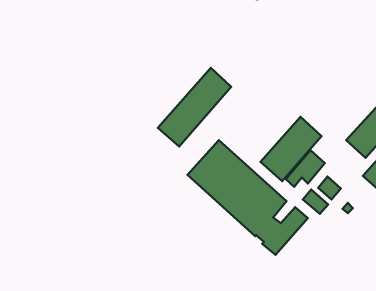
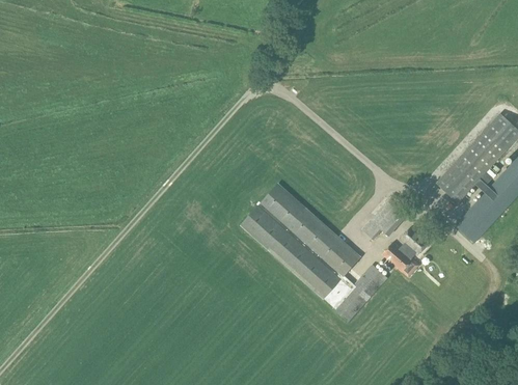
building: [158,68,231,147] -> none
building: [260,117,321,181] -> none

